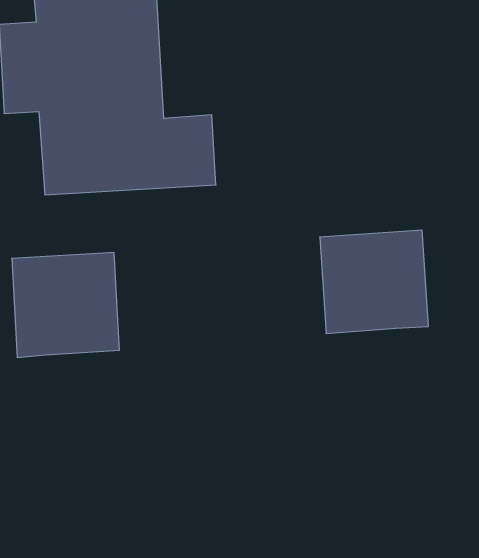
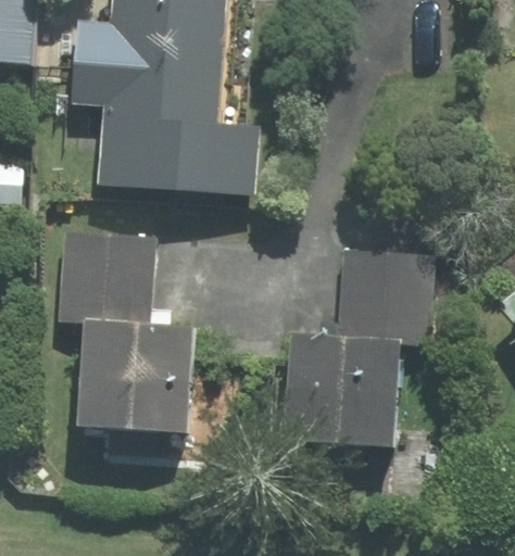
building: none -> [284,333,399,446]
building: none -> [76,324,192,433]

